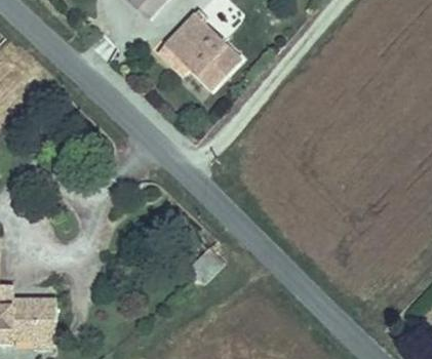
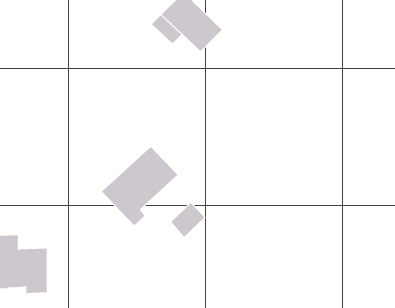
building: none -> [101,146,178,226]

